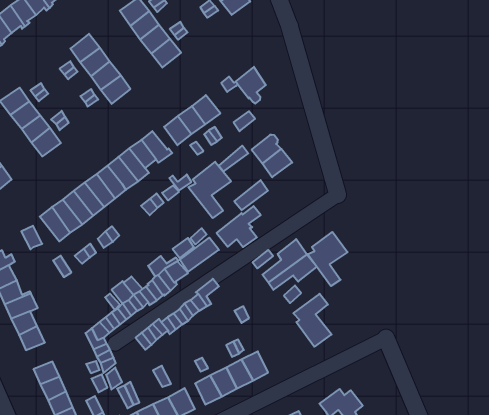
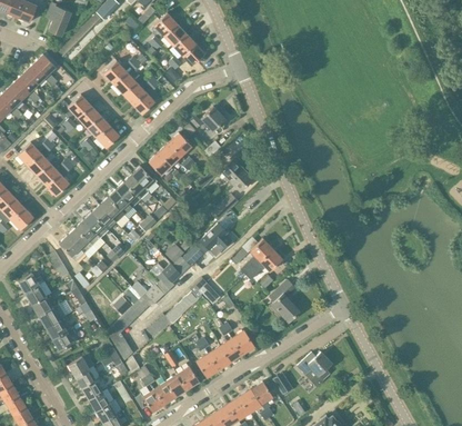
building: [188,162,231,218] -> none
building: [308,232,348,286] -> none

